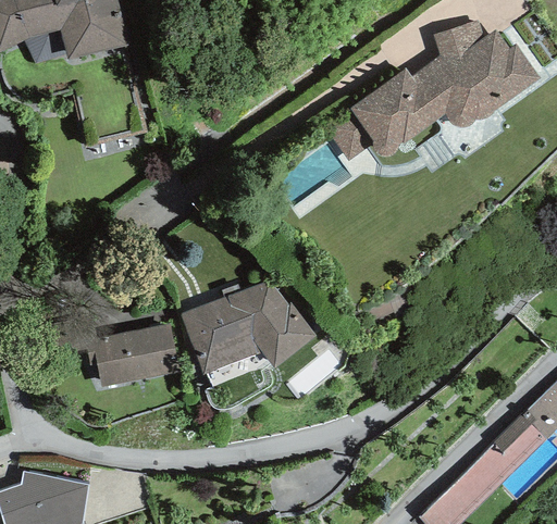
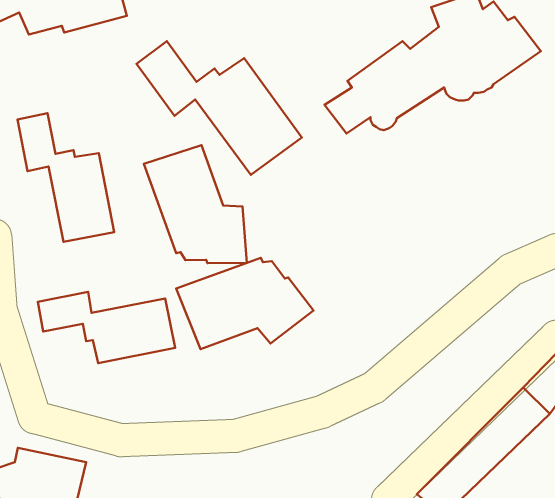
building: none -> [136,41,302,175]
building: none -> [17,113,114,242]
building: none -> [144,145,247,263]

